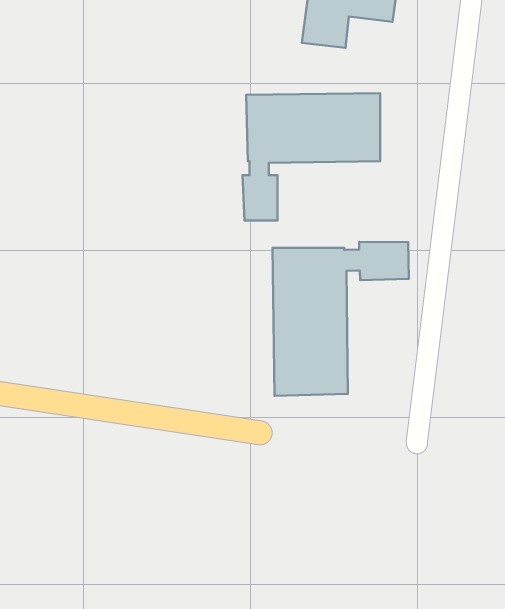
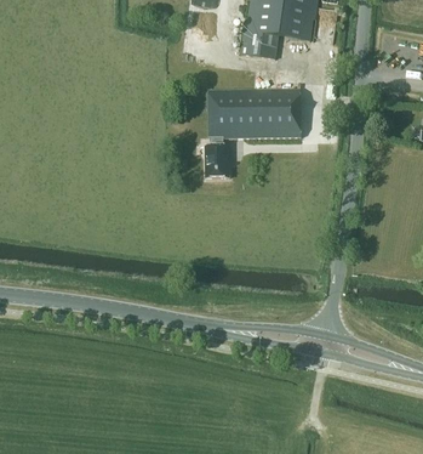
building: [272,242,409,396] -> none

